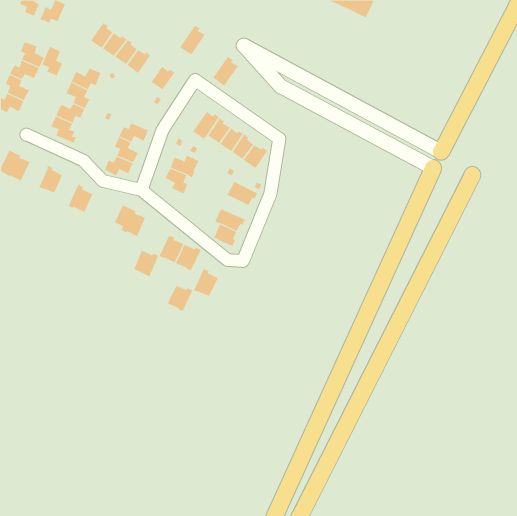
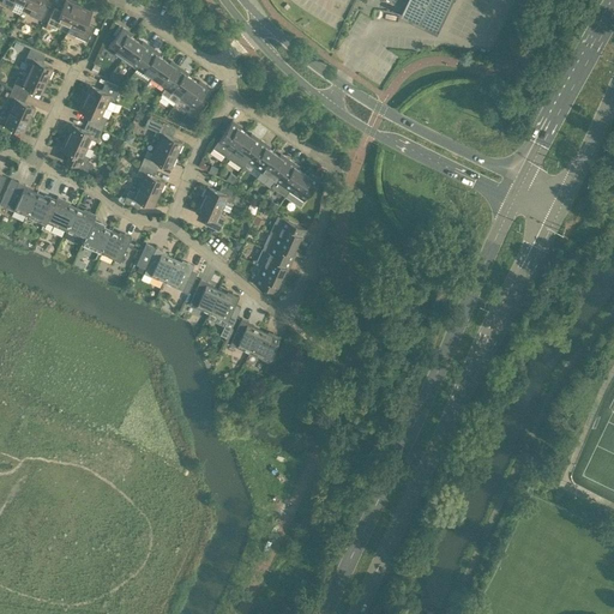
building: [179,25,206,55] -> [161,67,192,103]
building: [42,46,63,77] -> [68,6,94,42]
building: [212,56,239,87] -> [213,121,245,157]
building: none -> [144,119,182,156]
building: none -> [25,193,56,225]
building: none -> [65,209,96,240]
building: none -> [101,231,131,263]
building: none -> [261,233,295,261]
building: [134,250,159,277] -> [163,259,193,291]
building: [167,285,193,312] -> [248,331,279,362]

